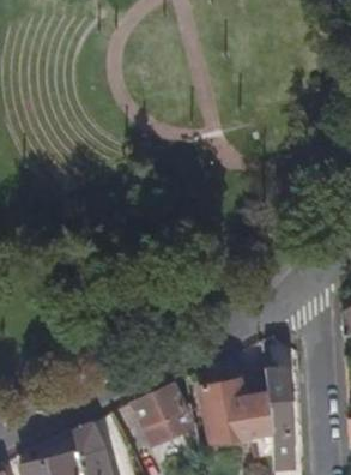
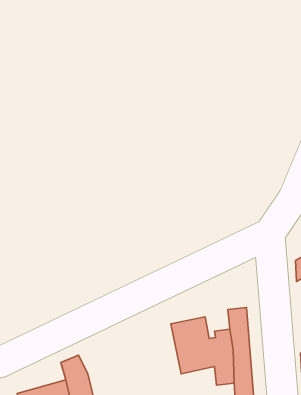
building: [132,384,194,449] -> none

